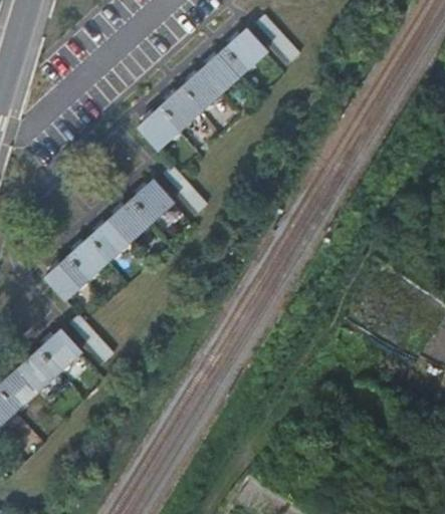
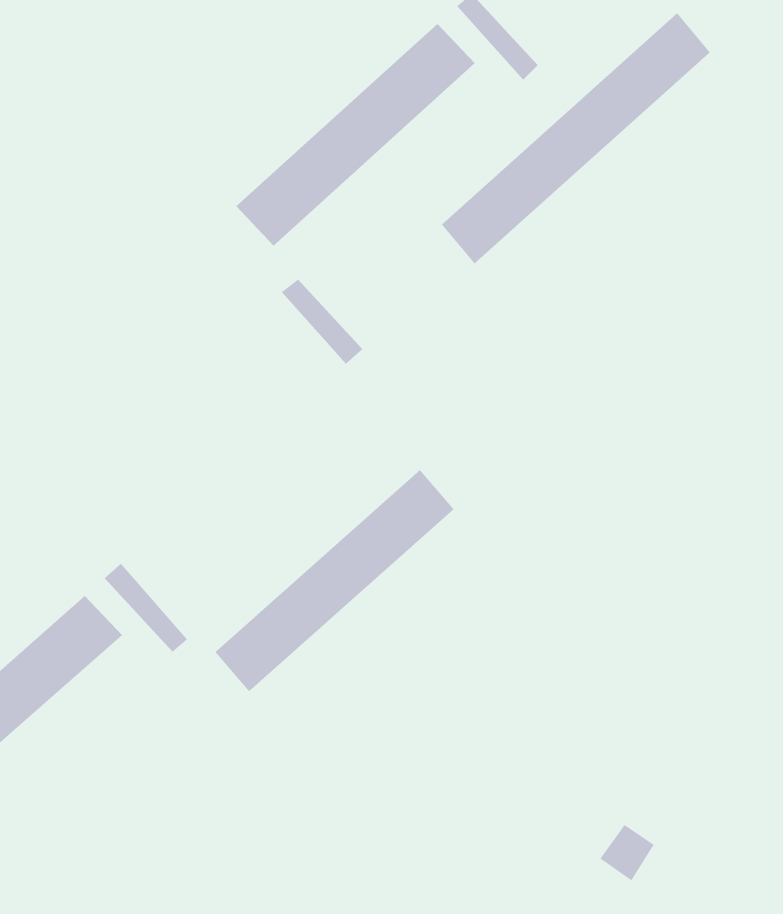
building: none -> [441,13,711,264]
building: [45,181,172,298] -> [214,469,454,692]

